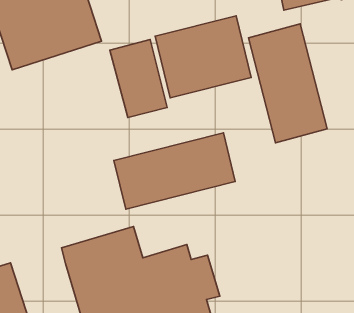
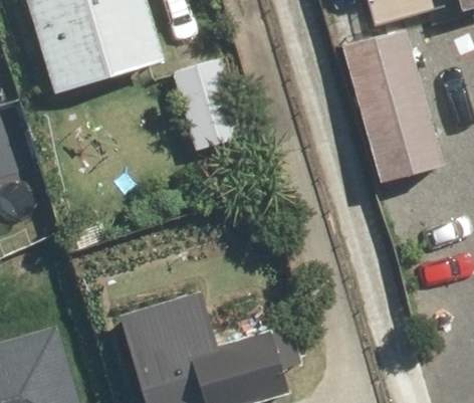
building: [155,16,251,98] -> none
building: [114,133,235,209] -> none

